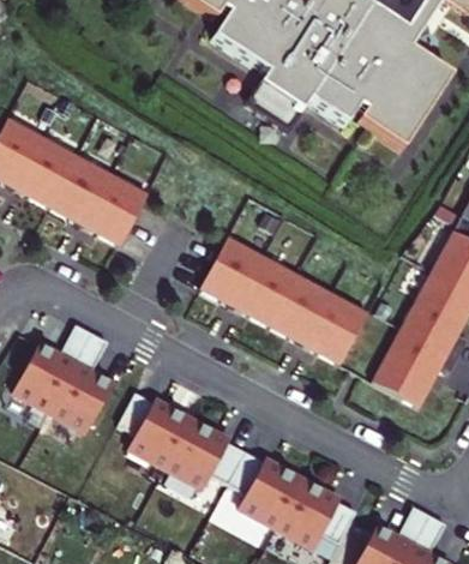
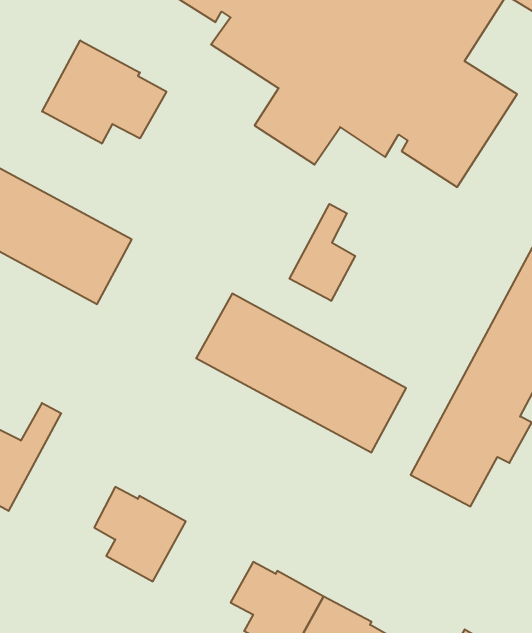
building: none -> [42,40,166,144]
building: none -> [289,204,355,301]
building: [49,332,112,431] -> none
building: [164,419,245,487] -> none

